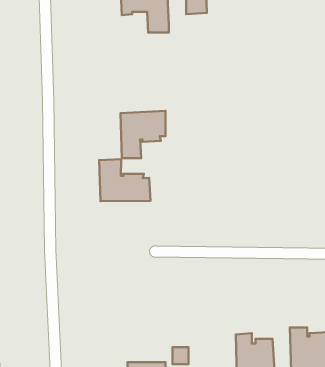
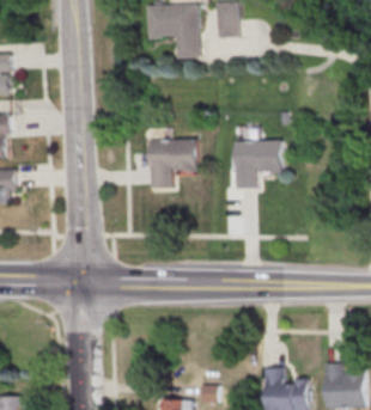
building: none -> [233,140,281,190]
building: [99,159,151,201] -> none

